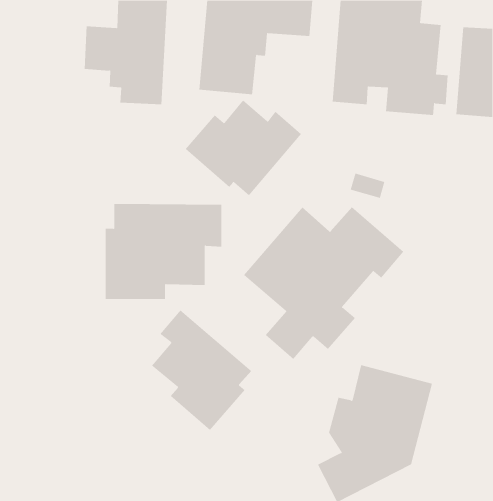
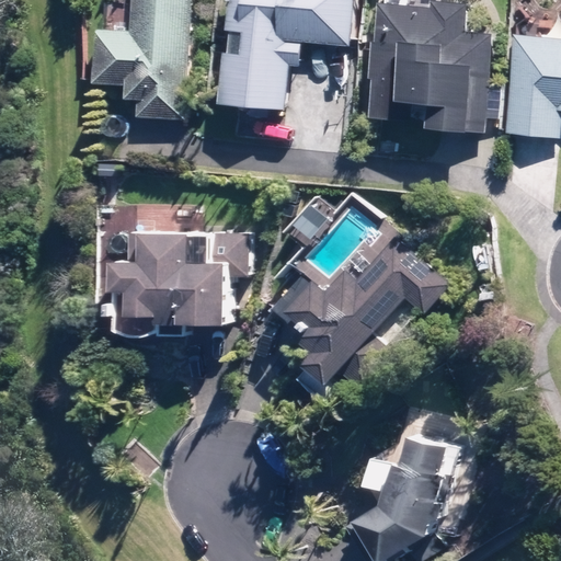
building: [185,99,302,196] -> none
building: [151,310,252,431] -> none

